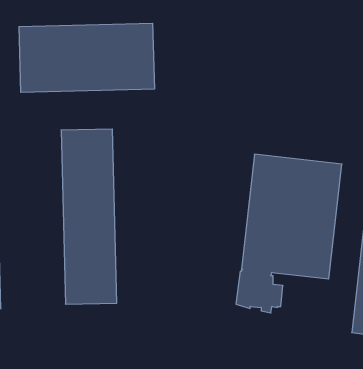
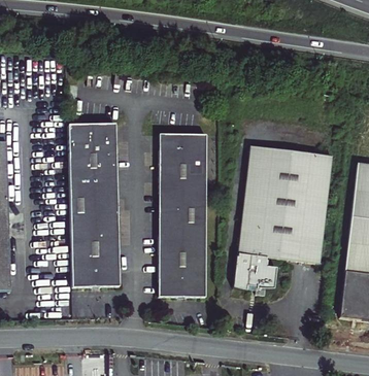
building: [19,23,154,92] -> none
building: none -> [158,134,206,298]

